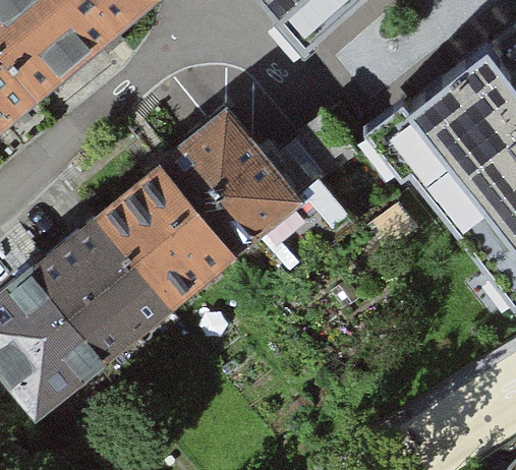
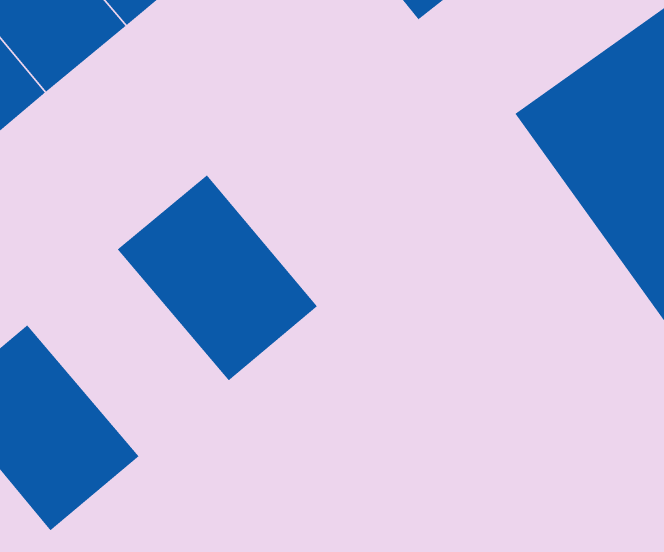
building: [156,107,299,255] -> none
building: [26,215,171,363] -> none

